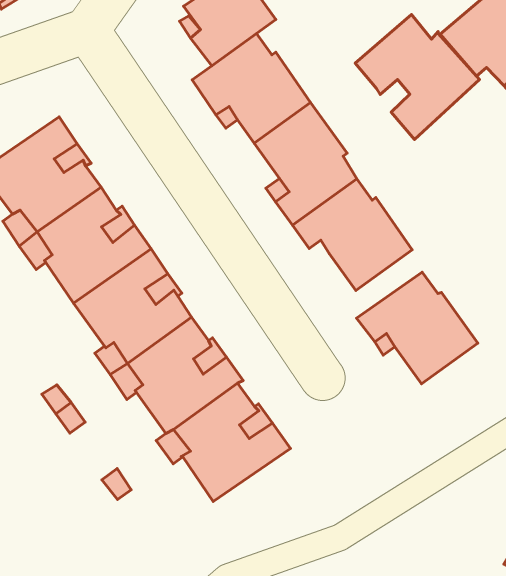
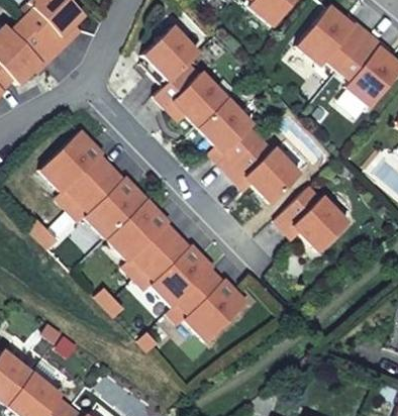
building: [355,15,480,139] -> none

